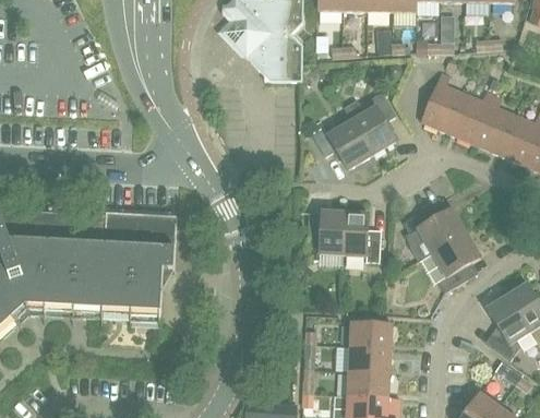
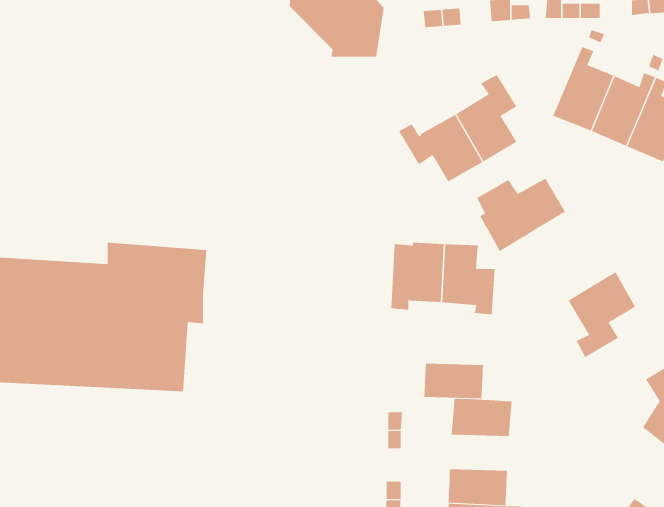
building: [403,207,466,260] -> [476,178,566,252]
building: [348,347,391,372] -> [424,363,484,399]

